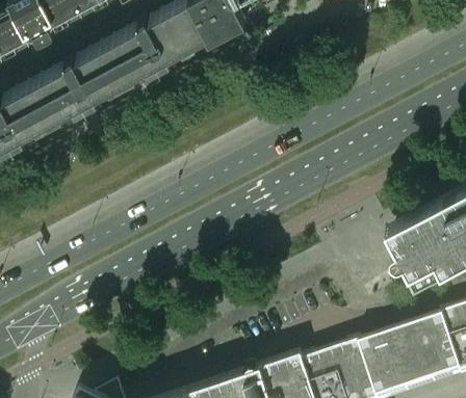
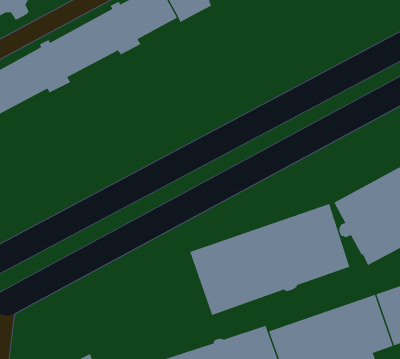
building: none -> [189,203,350,316]

